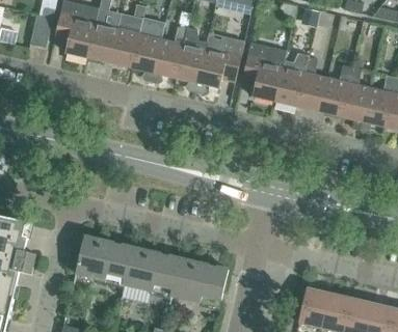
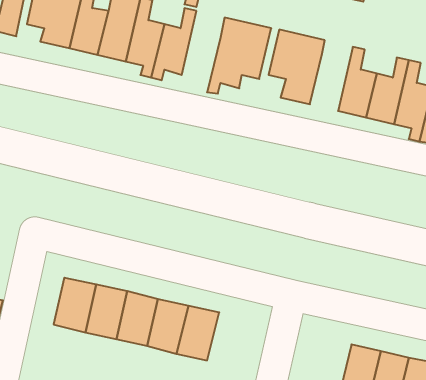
building: [175,28,205,91] -> none
building: [274,52,309,106] -> none
building: [194,262,228,306] -> none

